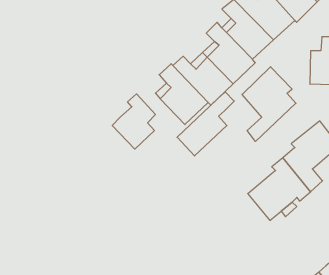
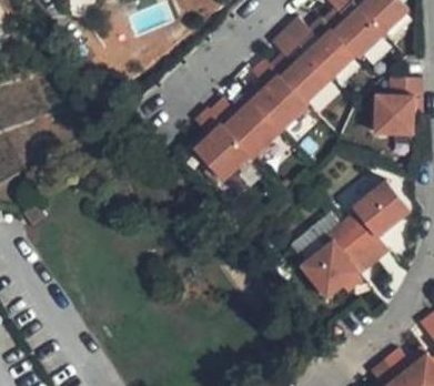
building: [242,67,296,141] -> none
building: [177,92,234,156] -> none
building: [112,94,155,149] -> none

